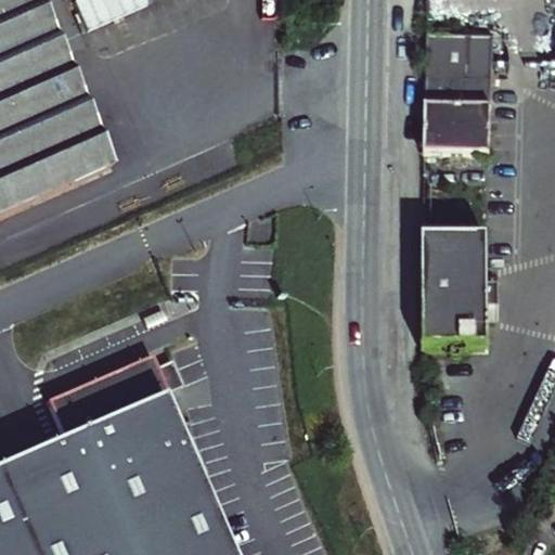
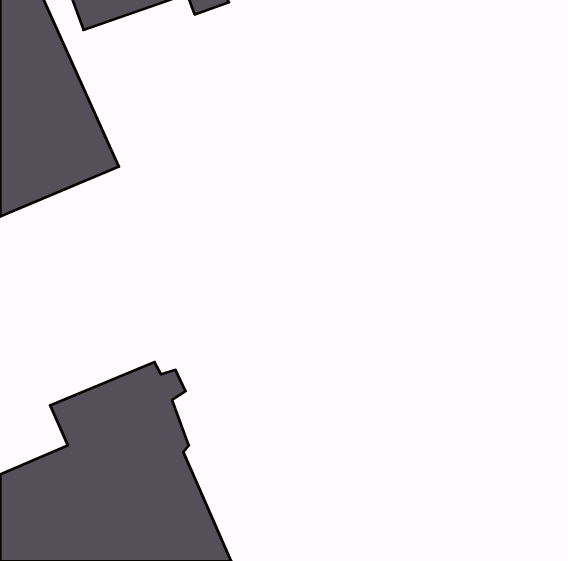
building: [424,34,493,155] -> none
building: [418,240,487,351] -> none

